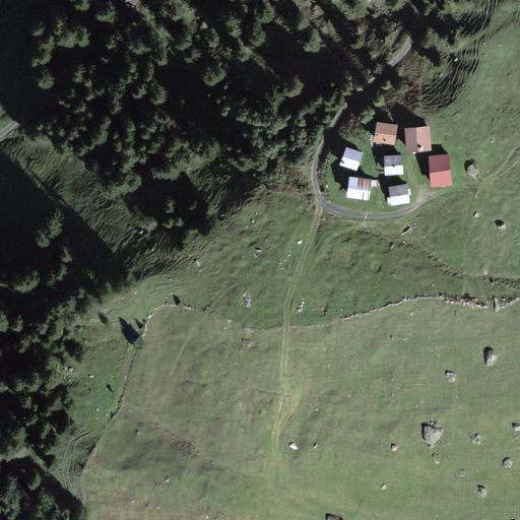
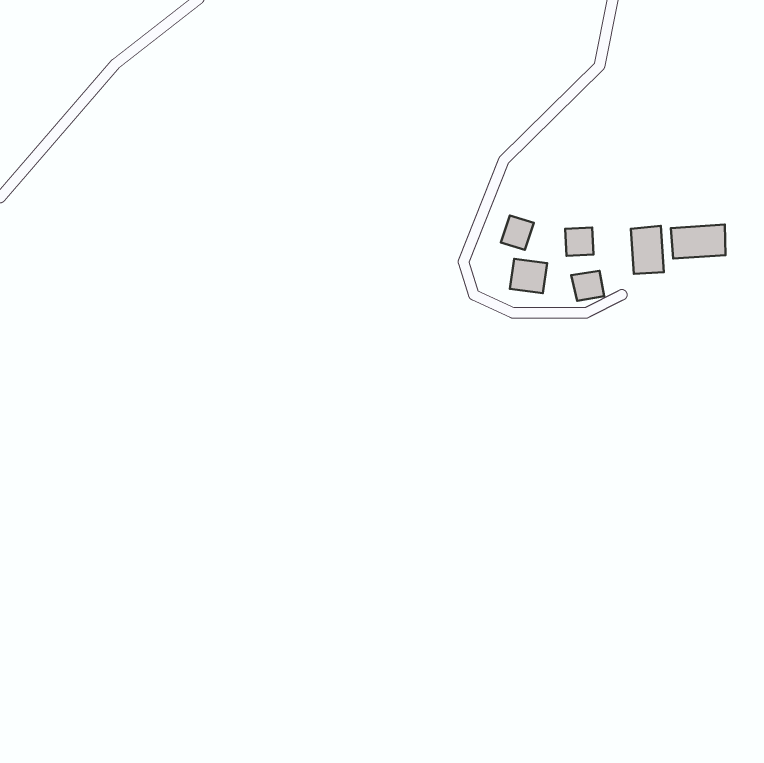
building: [374,121,397,144] -> none
building: [405,125,431,150] -> none
building: none -> [671,225,726,259]

